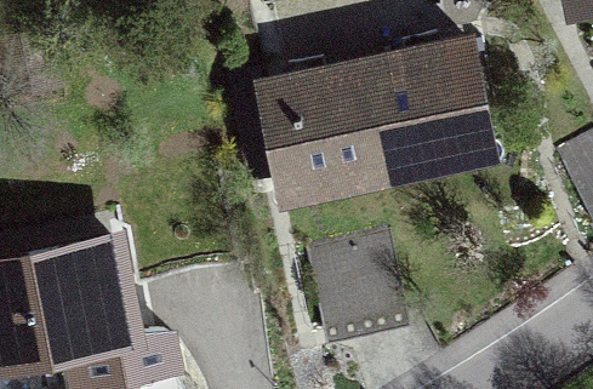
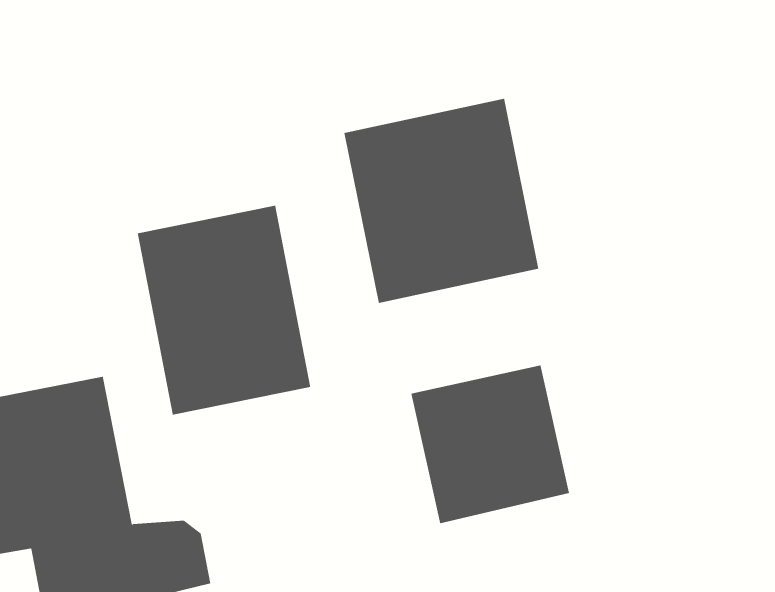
building: [365,41,489,171] -> none
building: none -> [137,205,311,416]

